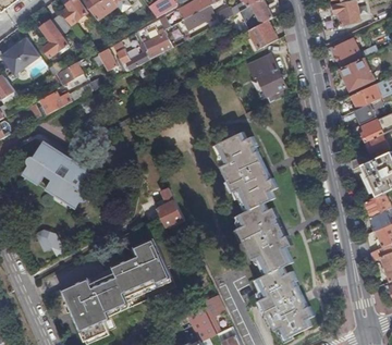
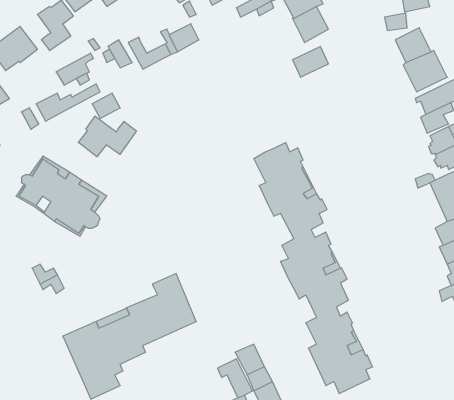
building: [256,67,287,102] -> none
building: none -> [78,116,136,157]
building: [155,188,182,227] -> none

